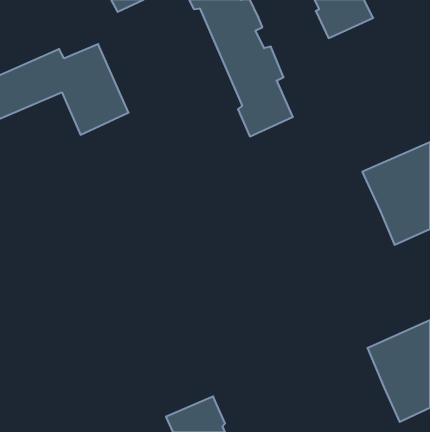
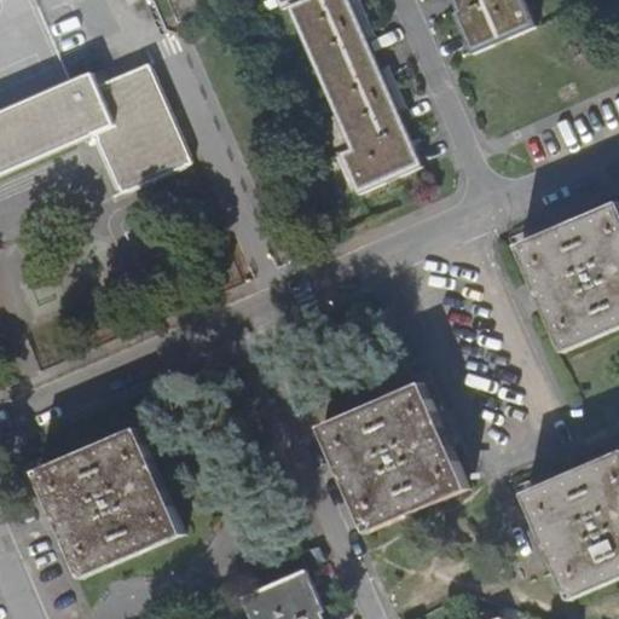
building: none -> [319,381,464,527]
building: none -> [39,426,185,573]

